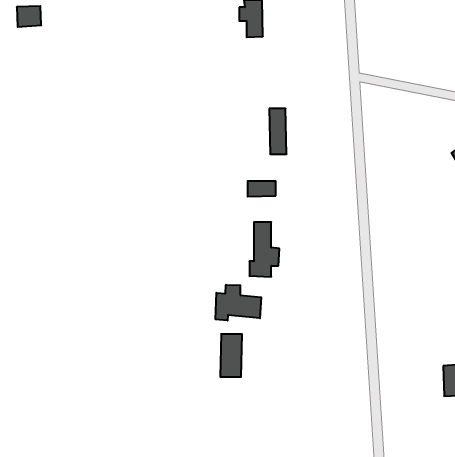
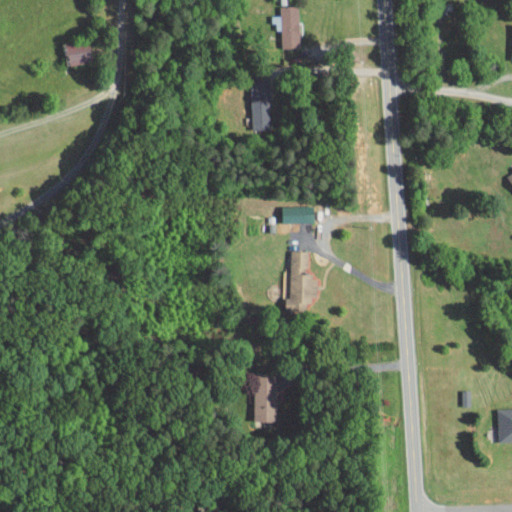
building: [17,6,41,27] -> [65,43,92,66]
building: [269,109,287,154] -> [251,81,270,131]
building: [216,285,261,321] -> none

